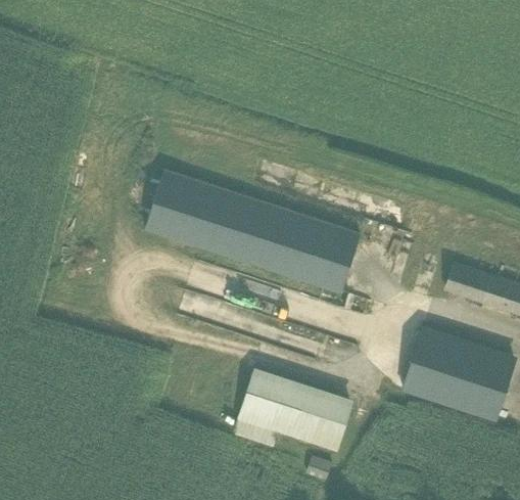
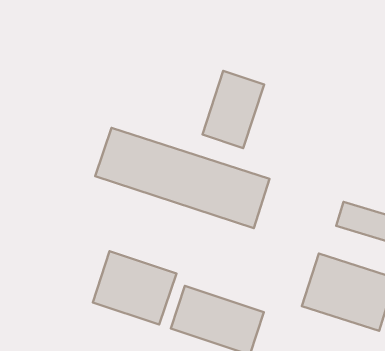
building: none -> [202,71,264,148]
building: none -> [93,251,177,325]

